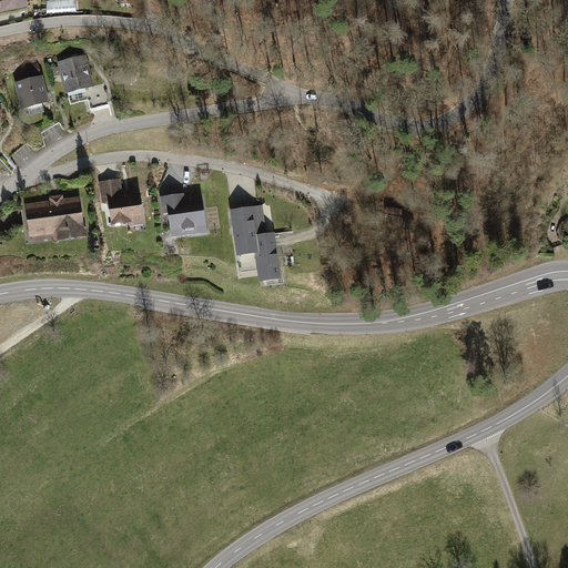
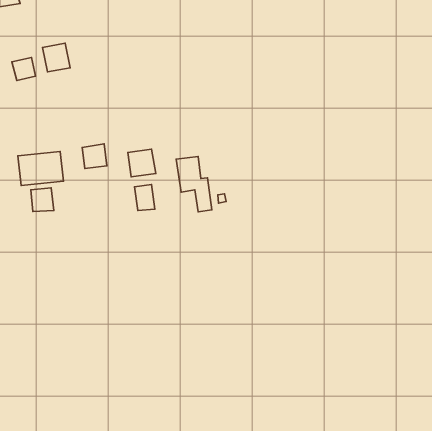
building: none -> [135,184,155,211]
building: none -> [31,188,54,211]

